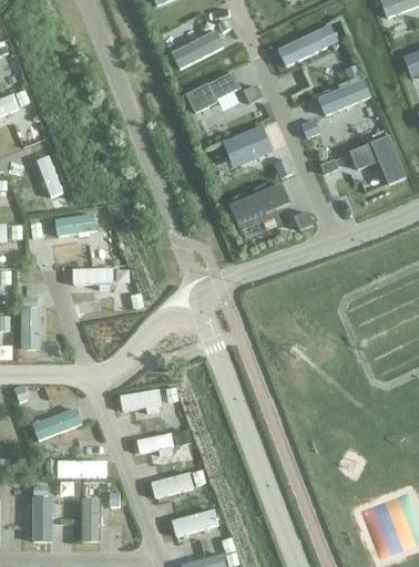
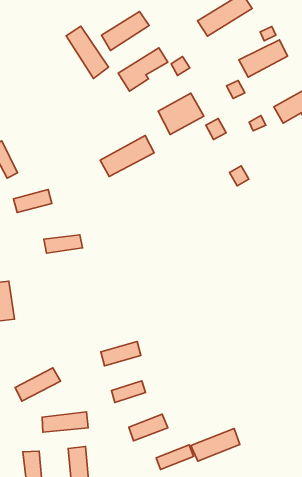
building: none -> [66,26,109,78]
building: [228,185,288,225] -> [100,135,154,176]
building: none -> [191,428,240,461]

